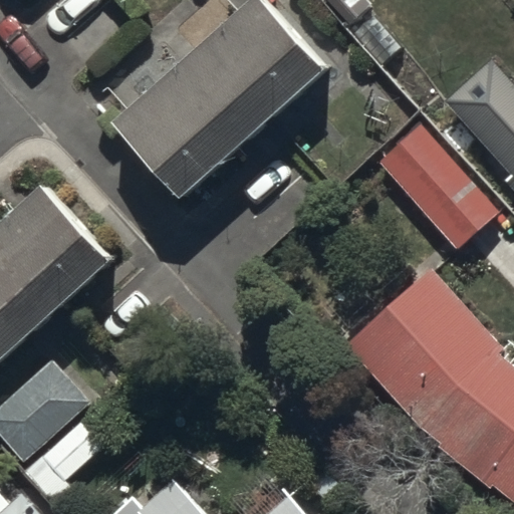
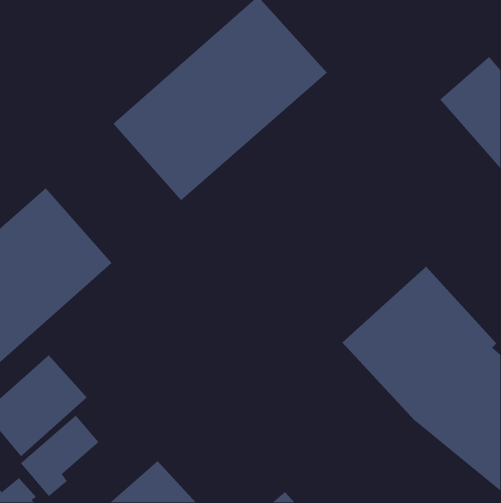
building: [375,121,497,248] -> none

